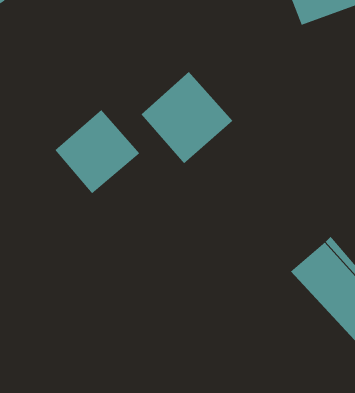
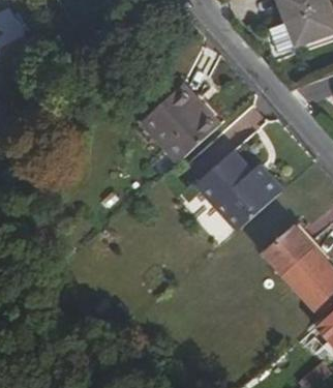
building: [55,109,140,194] -> none
building: none -> [193,152,280,234]

